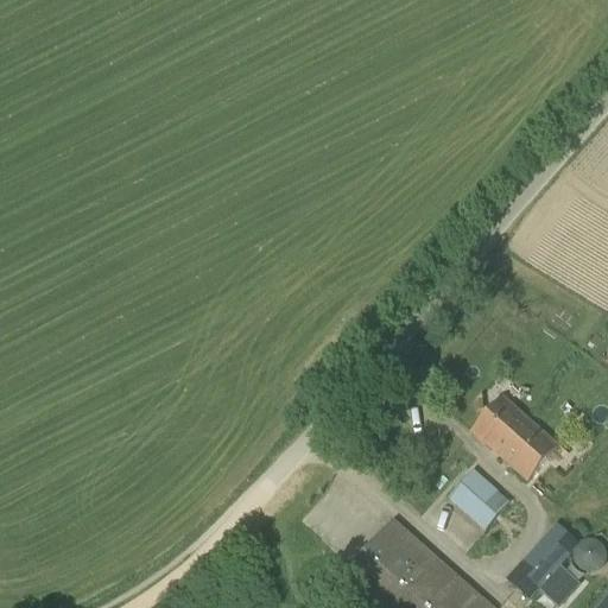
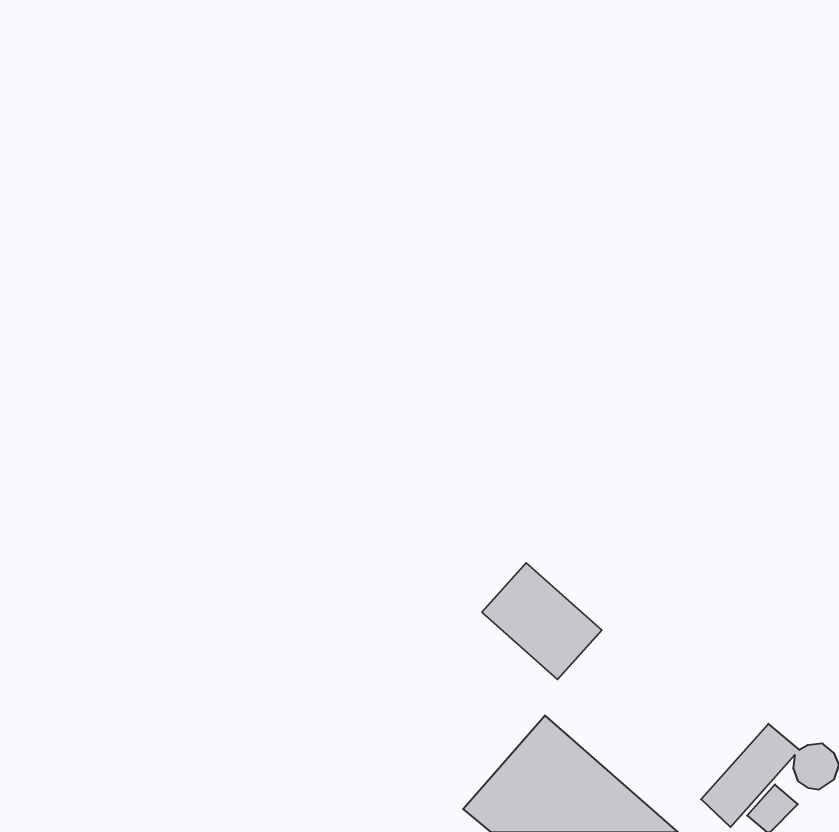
building: [471,397,558,481] -> [482,563,602,679]
building: [448,469,515,530] -> none

